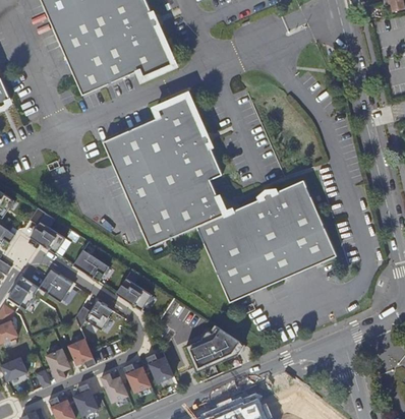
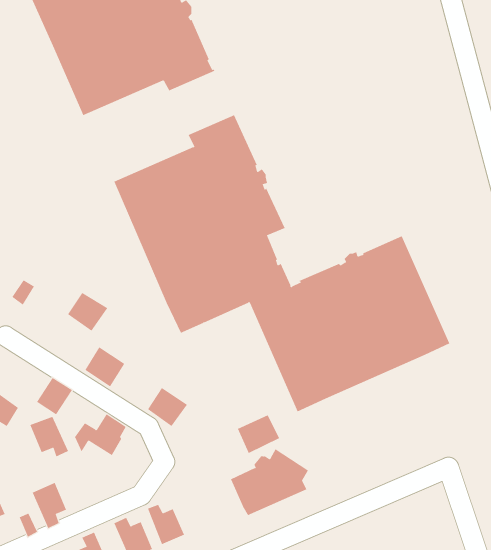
building: [39,226,67,253] -> [67,292,108,332]
building: none -> [237,415,280,454]
building: [67,339,95,367] -> [30,416,69,457]
building: [148,353,175,381] -> none

